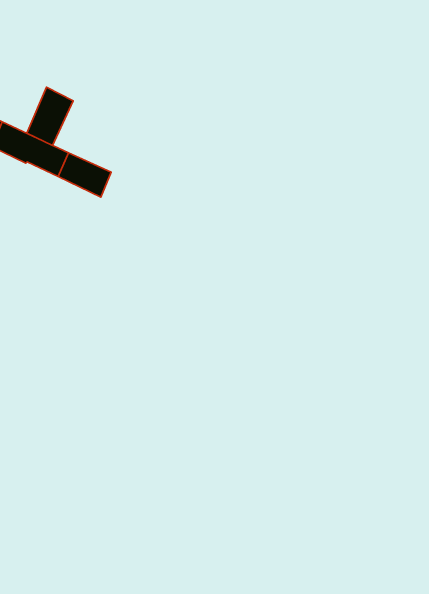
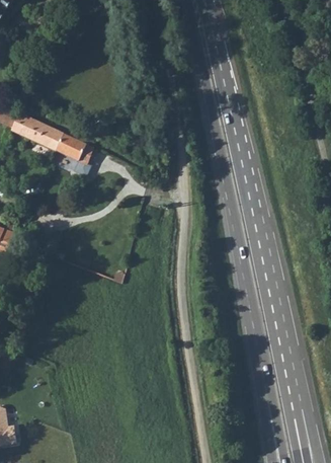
building: [27,87,73,145] -> none

